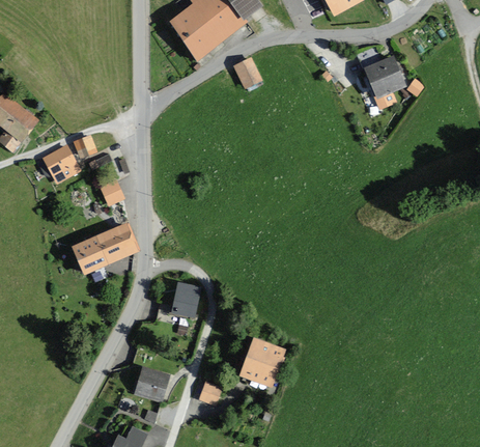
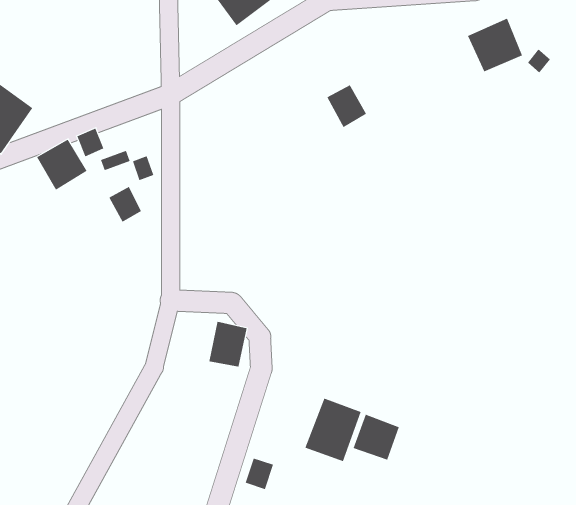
building: [230,58,260,90] -> [326,85,367,128]
building: [74,219,141,272] -> none
building: none -> [353,414,399,461]
building: [139,370,171,399] -> none

